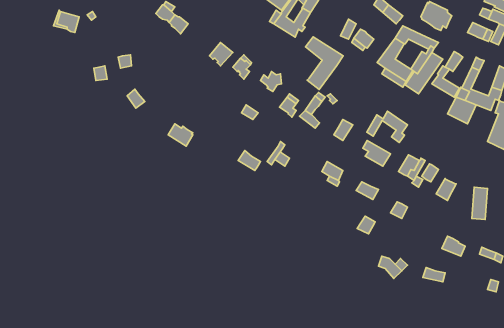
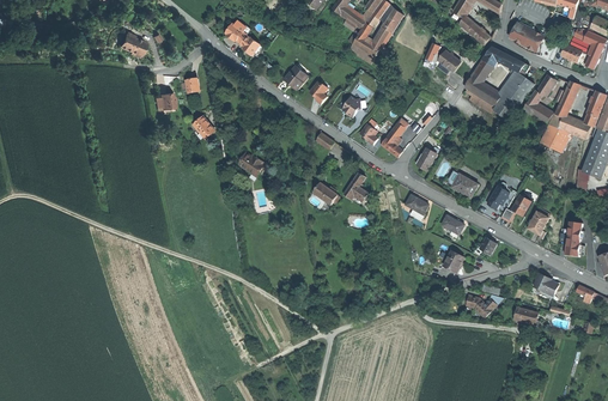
building: [306,37,343,90] -> none
building: [367,111,408,142] -> none

